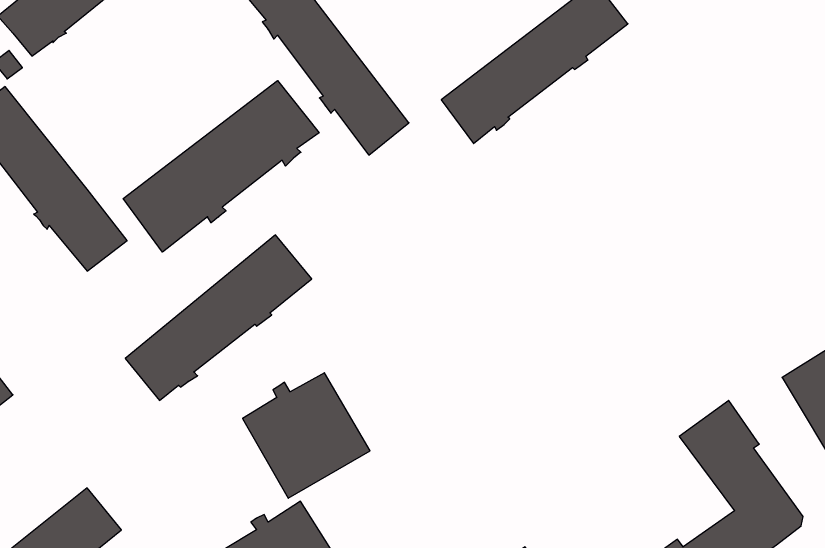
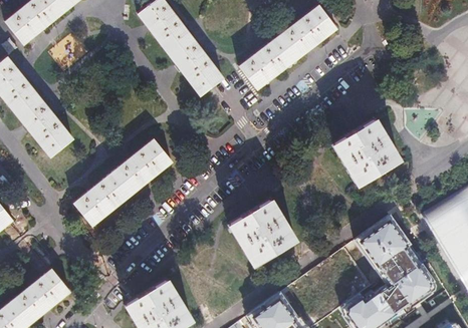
building: [123,81,319,252] -> none
building: none -> [333,124,400,190]
building: [243,373,370,498] -> [226,198,293,264]

